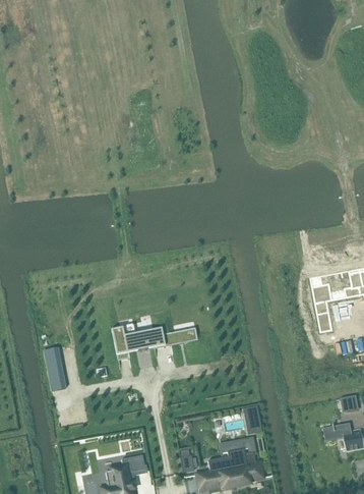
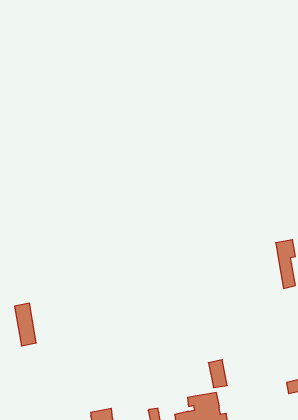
building: [112,328,196,354] -> none

